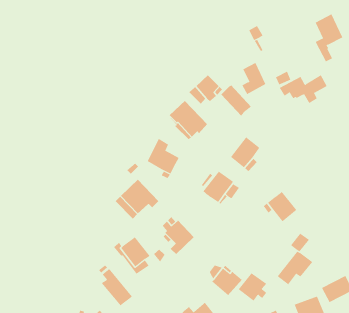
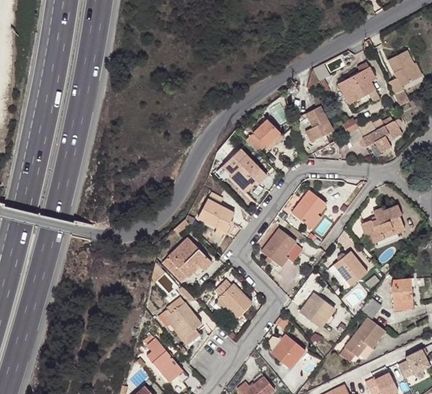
building: none -> [339,62,376,104]
building: [221,85,252,117] -> none
building: none -> [361,205,405,248]
building: none -> [392,278,413,310]
building: [238,272,267,302] -> [301,294,334,327]

